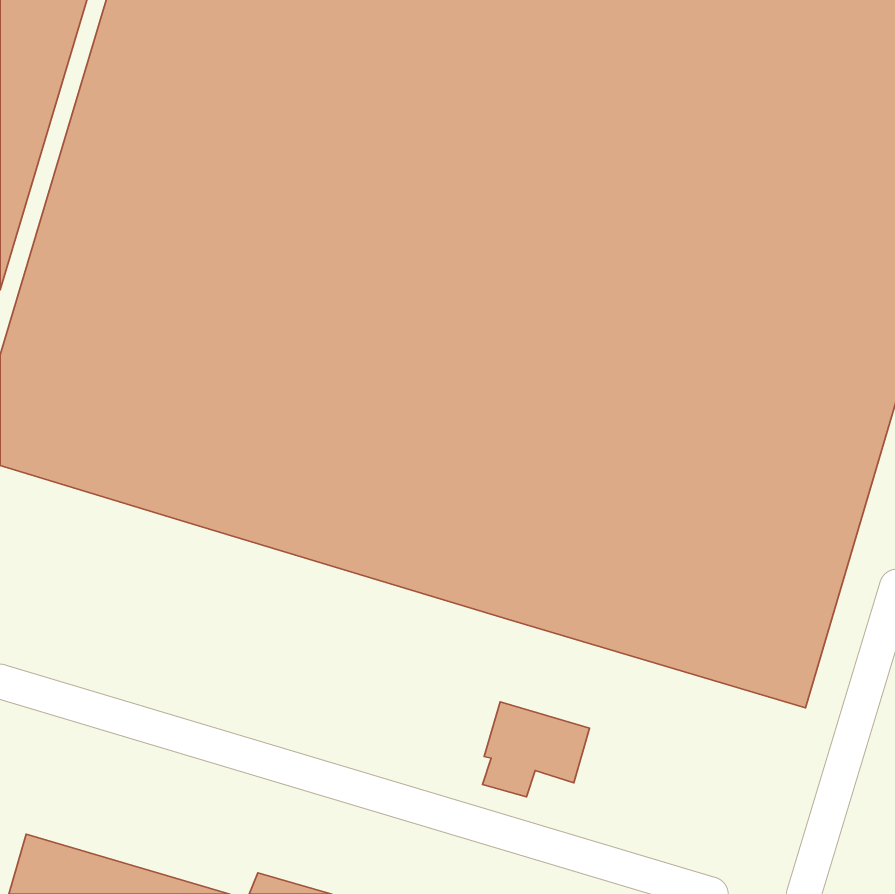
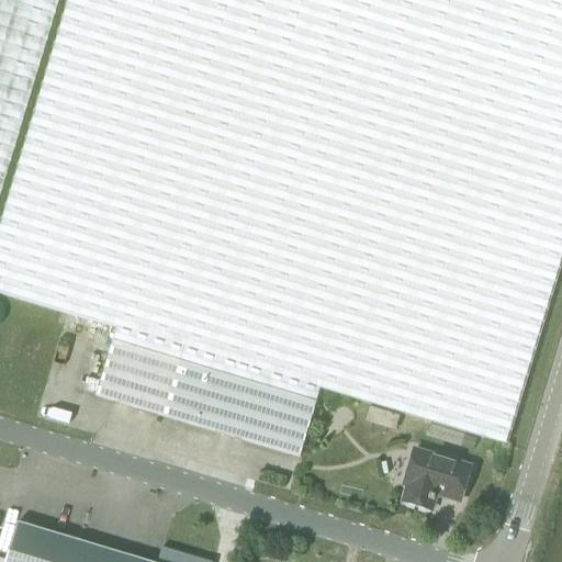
building: none -> [97,326,321,456]
building: [483,702,590,797] -> [402,449,469,508]

